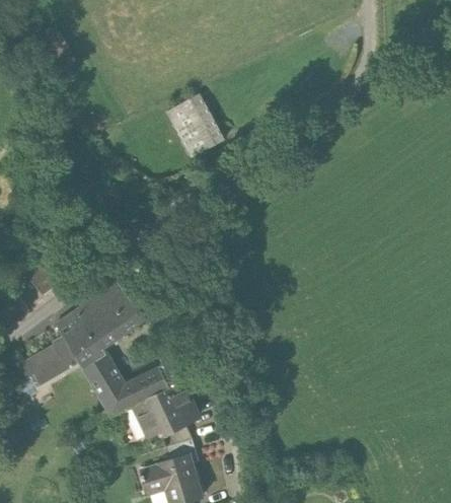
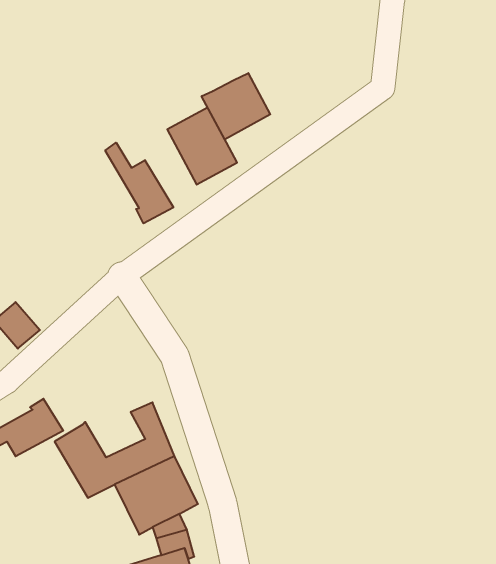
building: none -> [202,73,270,140]
building: none -> [105,143,173,223]
building: [63,277,155,367] -> none

